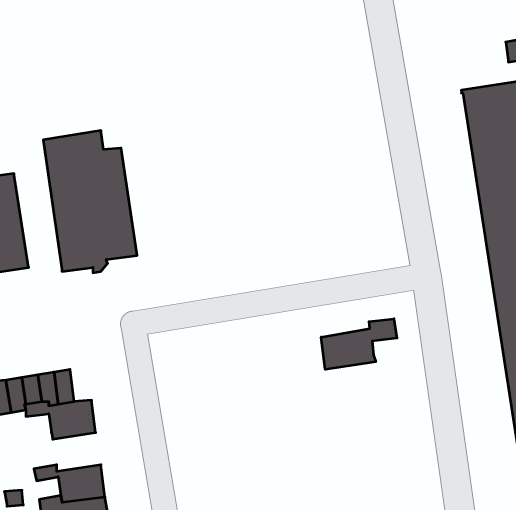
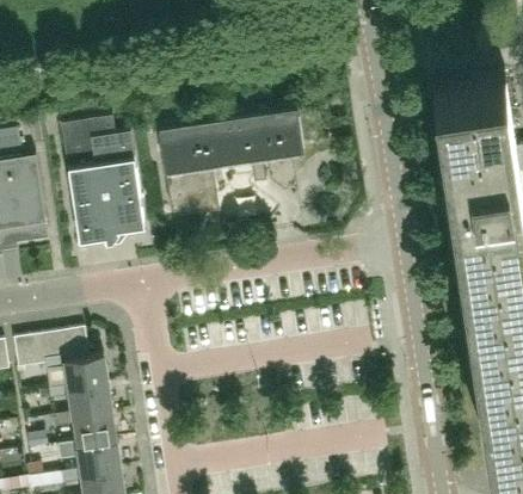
building: none -> [156,106,299,215]
building: [321,319,397,369] -> none
building: none -> [48,388,111,422]

